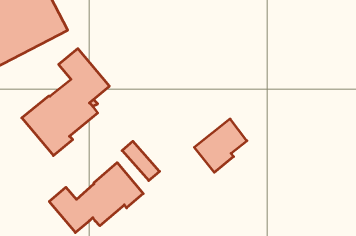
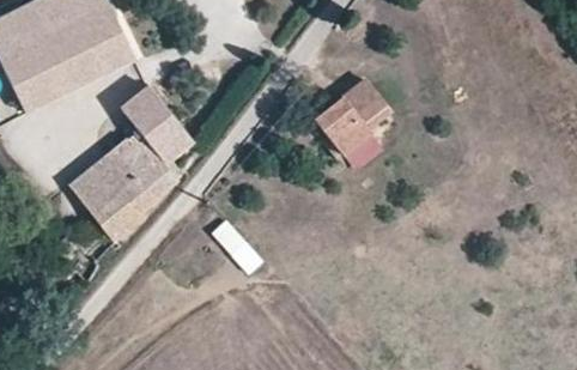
building: [194,119,247,172] -> [316,78,391,154]
building: [49,163,143,233] -> none

